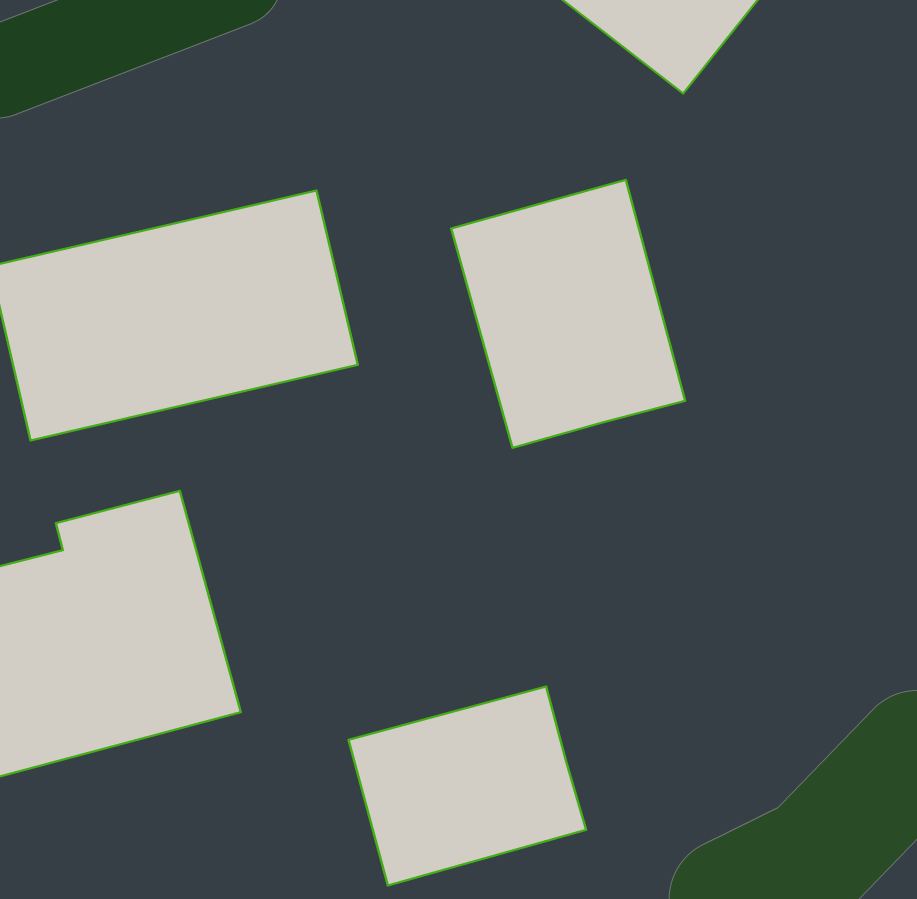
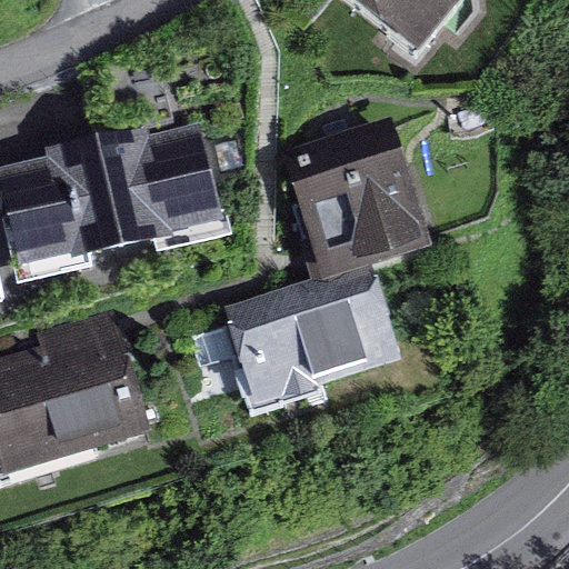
building: none -> [224,261,400,406]
building: [348,686,586,885] -> none

